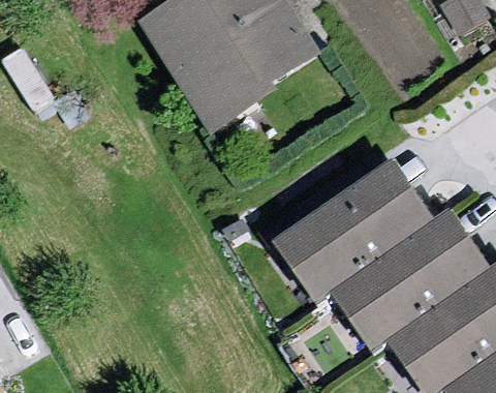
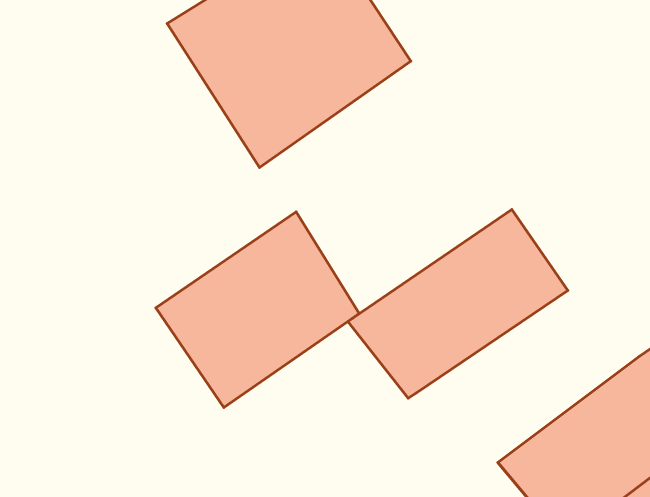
building: none -> [156,212,359,407]
building: [322,216,487,356] -> none

